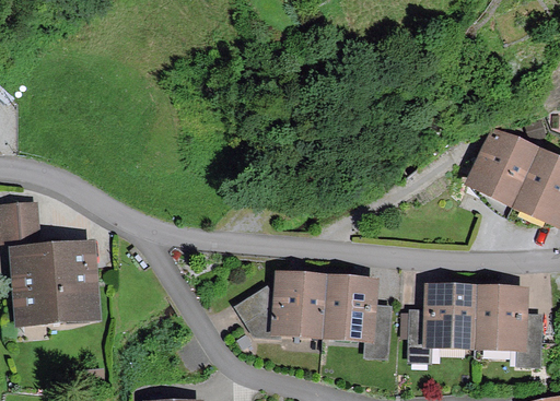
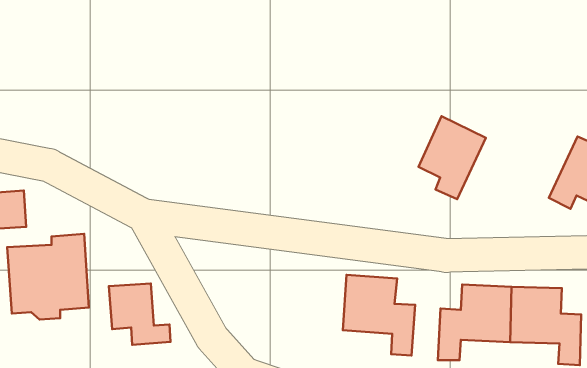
building: [474,134,535,210] -> [419,116,486,199]
building: [236,276,325,334] -> none
building: none -> [109,283,171,345]

